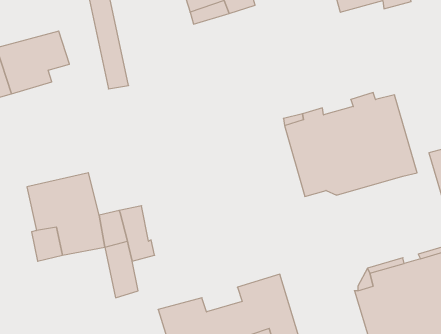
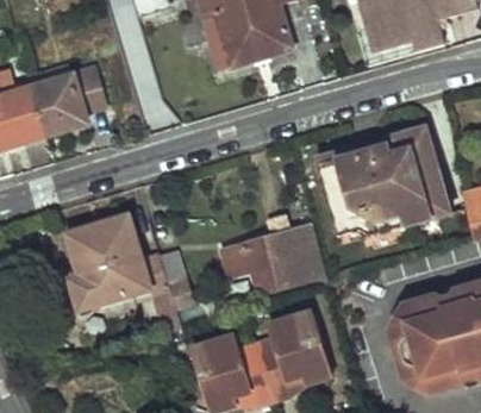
building: none -> [225,232,331,293]

